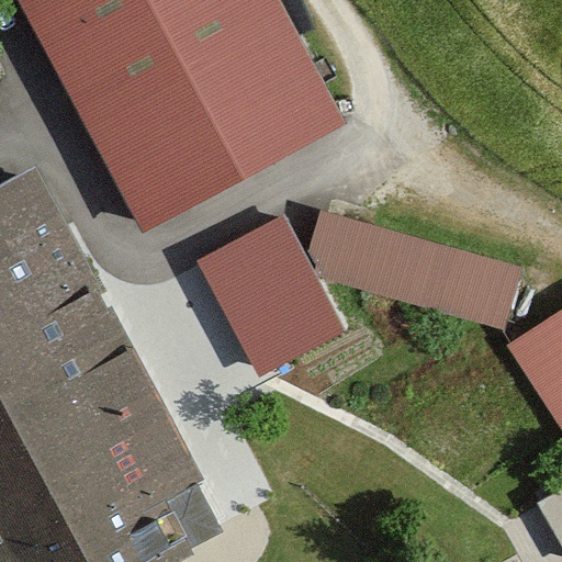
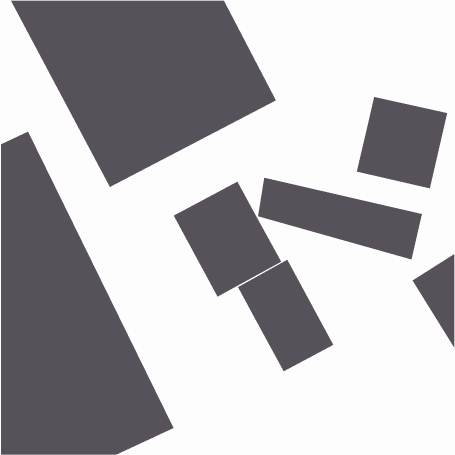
building: none -> [356,96,448,189]
building: none -> [237,259,334,372]

